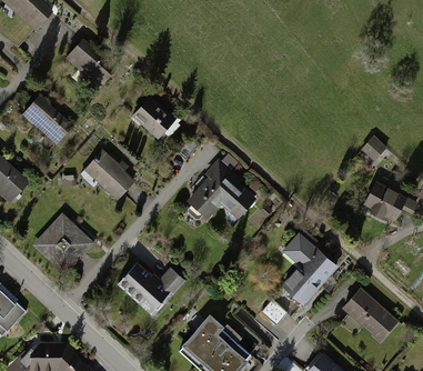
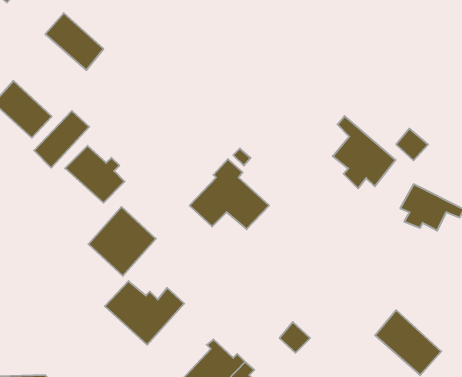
building: [133,97,175,138] -> none
building: none -> [34,111,89,168]
building: none -> [333,116,396,188]
building: [33,215,90,273] -> [88,207,156,276]
building: [281,232,335,303] -> none

